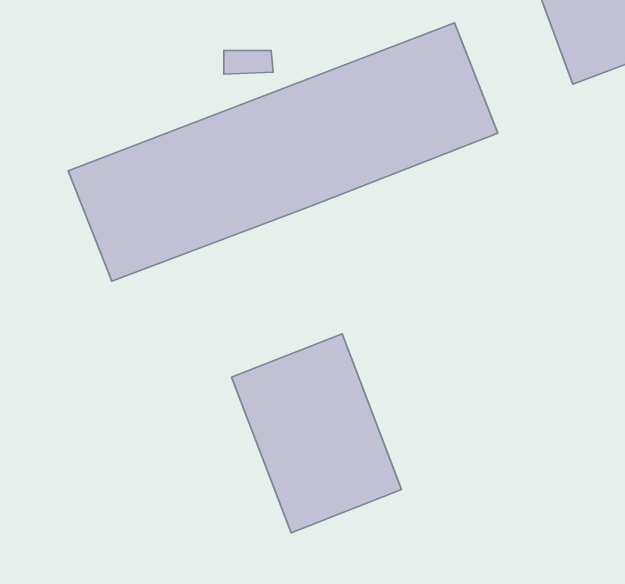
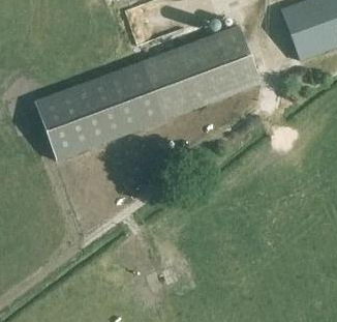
building: [232,334,402,533] -> none

